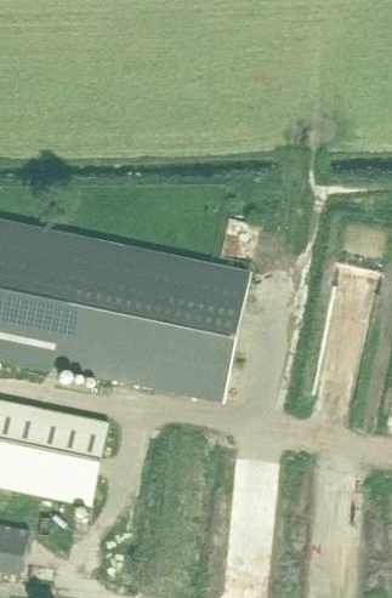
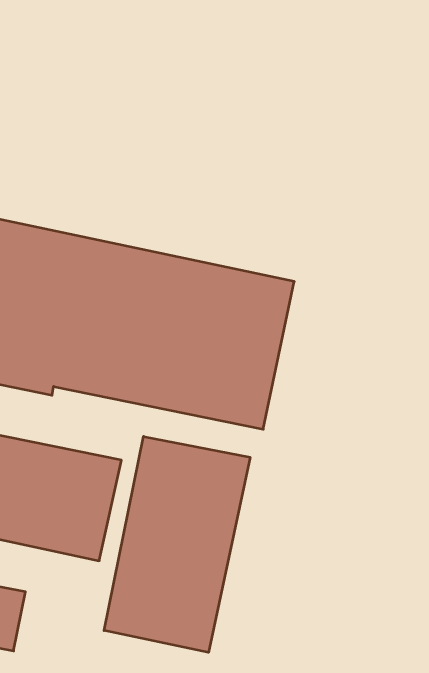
building: none -> [104,436,250,652]

